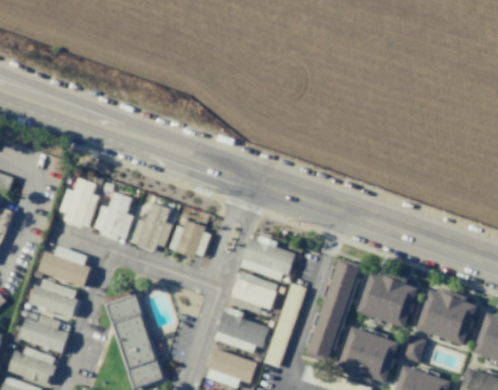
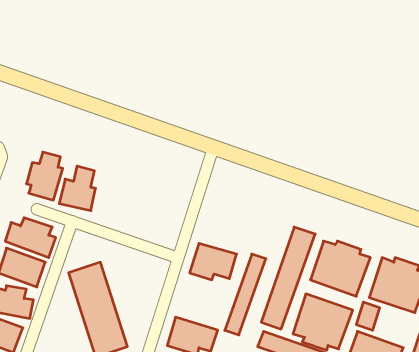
building: [131,205,176,251] -> none
building: [170,222,212,259] -> none
building: [241,235,293,280] -> none
building: [217,314,268,354] -> none

